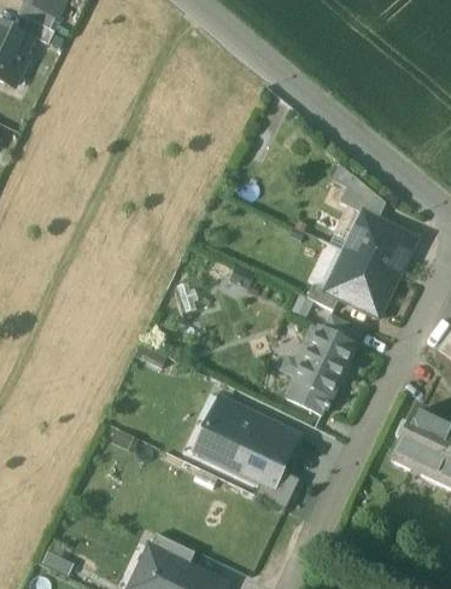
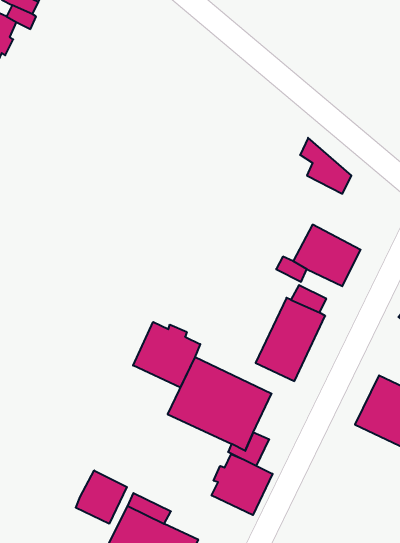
building: [344,211,415,276] -> none
building: none -> [133,322,200,388]
building: none -> [212,454,273,515]
building: none -> [76,470,127,524]

